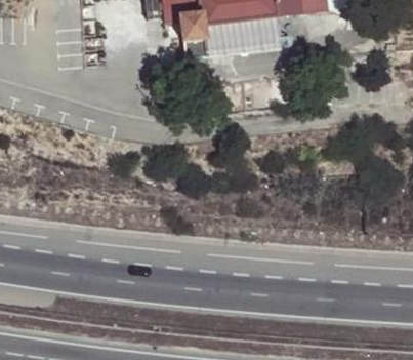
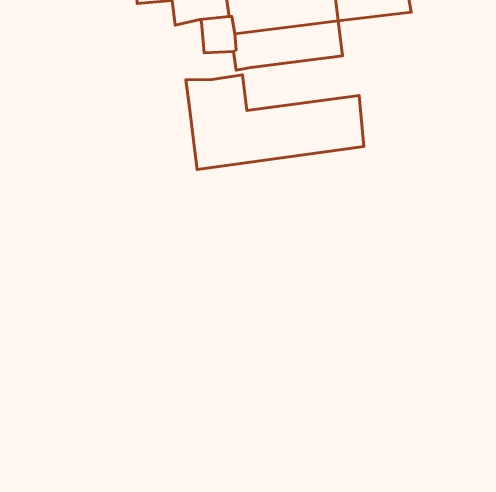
building: none -> [186,75,364,169]

